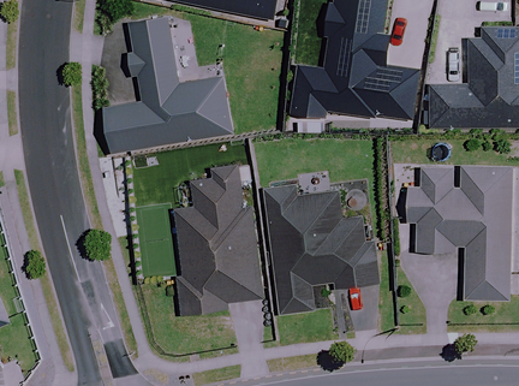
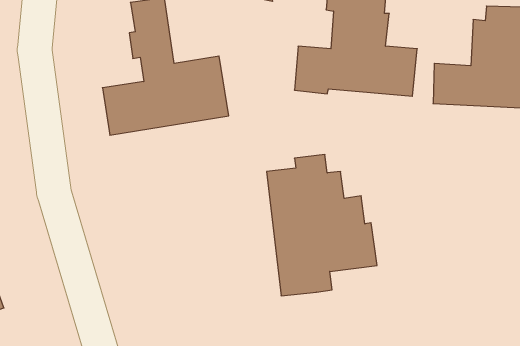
building: [408,165,511,298] -> none
building: [177,167,262,313] -> none

